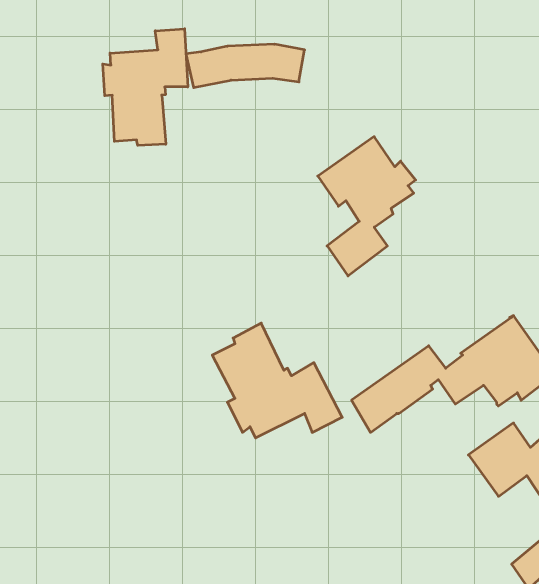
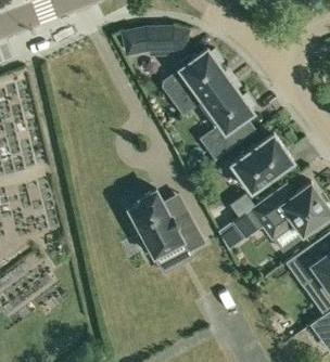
building: [103,29,188,145] -> none
building: none -> [176,48,229,107]
building: none -> [229,133,292,192]

